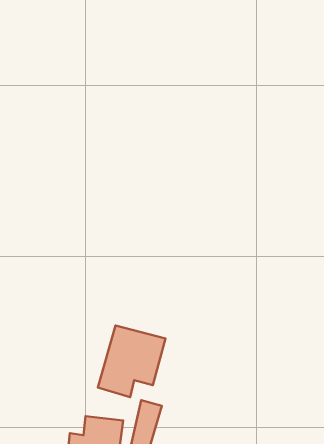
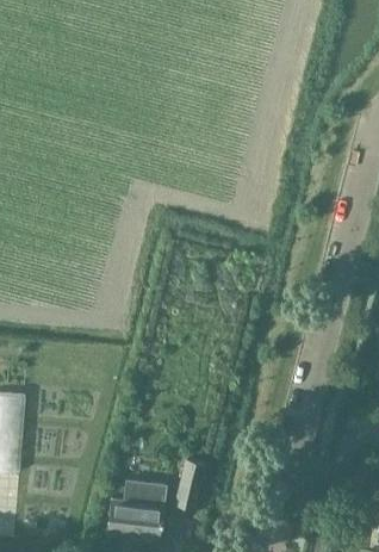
building: [98,325,166,397] -> none

